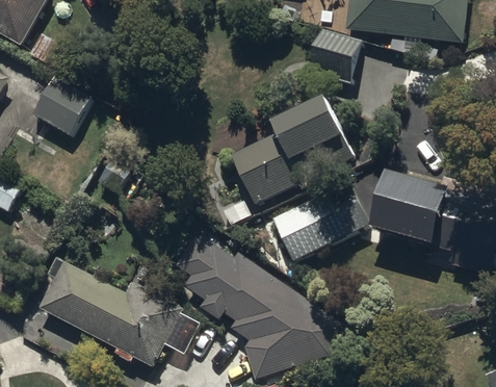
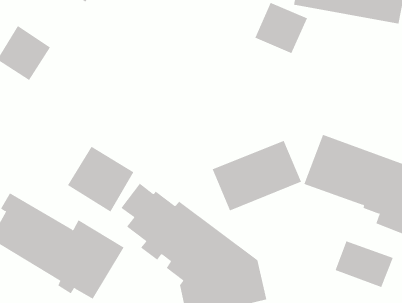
building: [229,93,353,202] -> none
building: none -> [67,146,134,213]
building: none -> [335,240,394,288]

